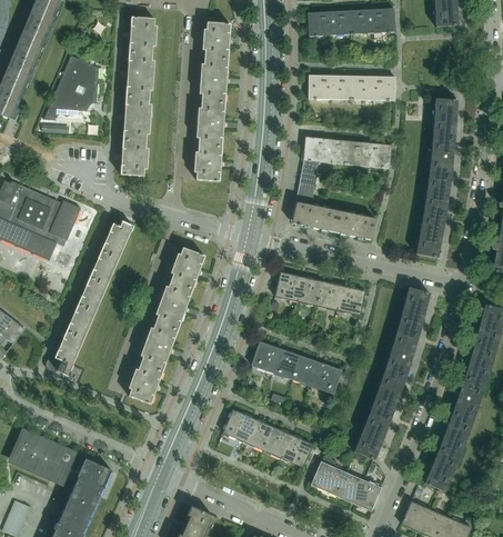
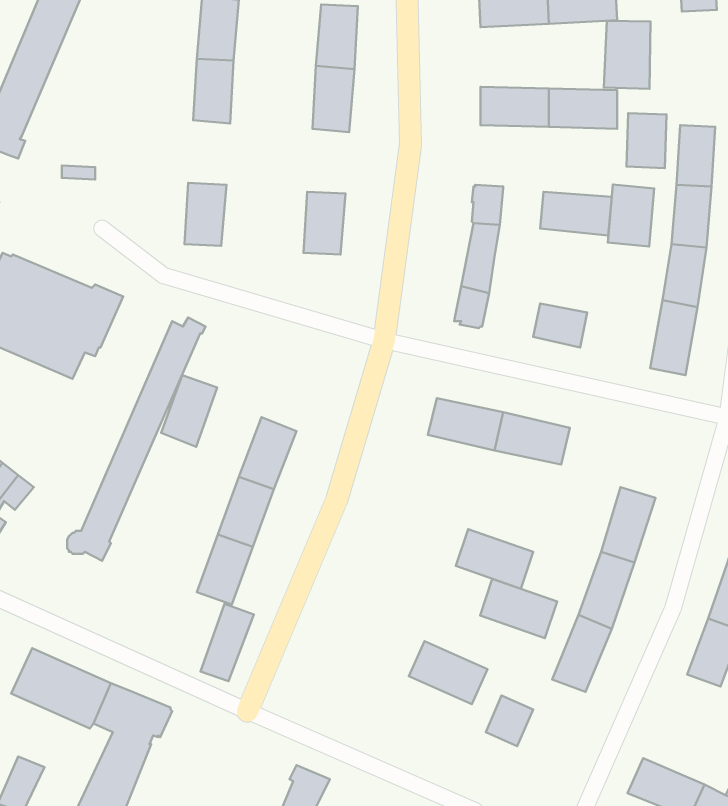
building: none -> [604,21,650,89]
building: [44,56,99,120] -> none
building: none -> [627,113,666,168]
building: [123,96,150,137] -> none
building: [199,101,225,142] -> none
building: none -> [608,184,654,247]
building: [321,139,349,165] -> none
building: [310,206,346,233] -> none
building: [170,248,205,294] -> [161,375,217,447]
building: [398,287,431,336] -> none
building: [252,341,301,379] -> [480,579,557,638]
building: none -> [200,604,254,681]
building: [223,409,273,449] -> none
building: [425,448,461,491] -> none
building: [332,470,381,510] -> none

